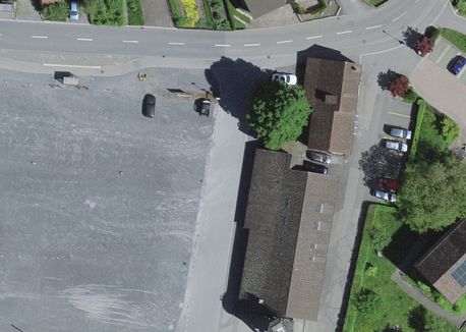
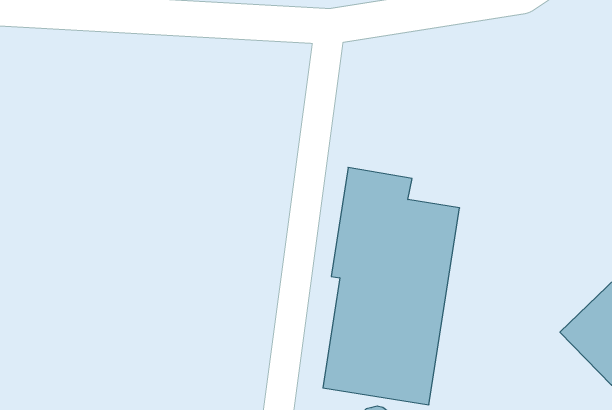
building: [302,55,362,152] -> none

